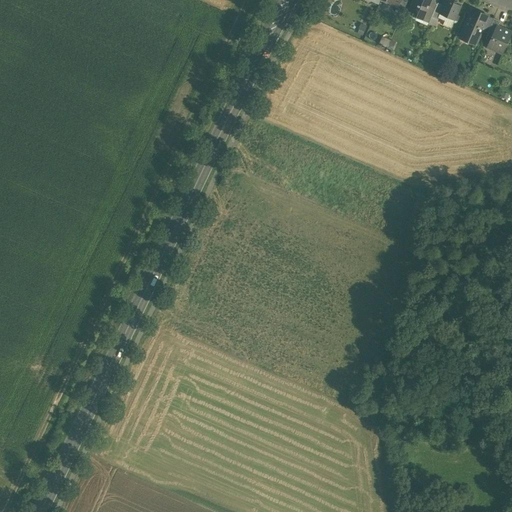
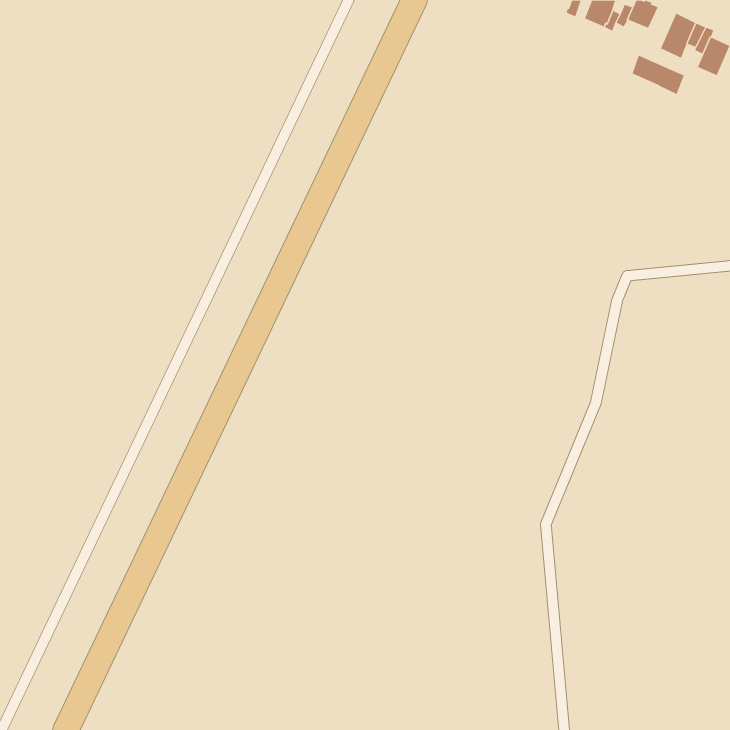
building: none -> [632,55,685,95]

